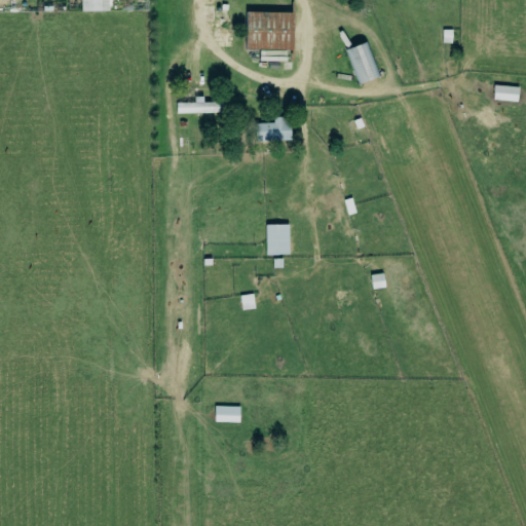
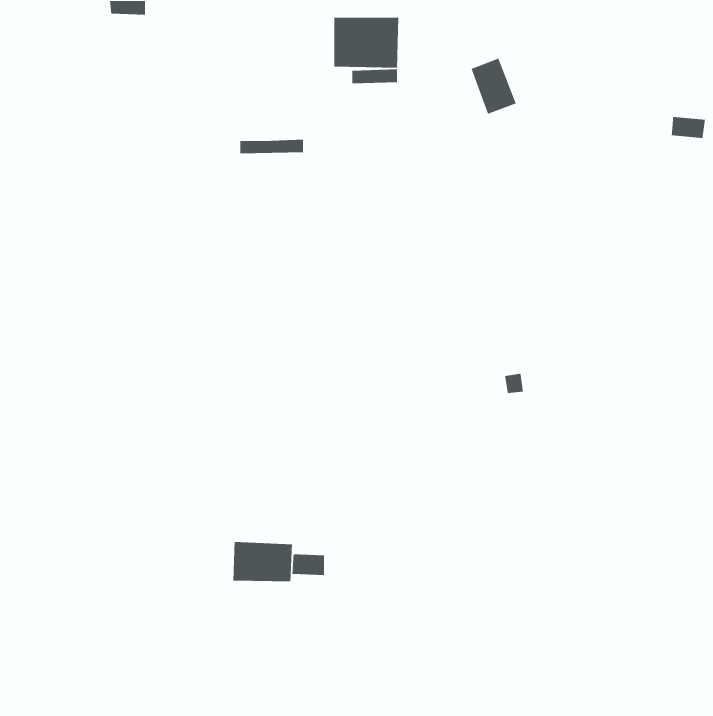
building: [256,117,292,141] -> none
building: [266,224,290,255] -> none
building: none -> [232,541,293,582]

